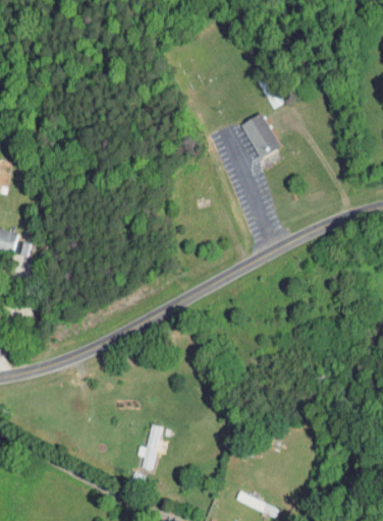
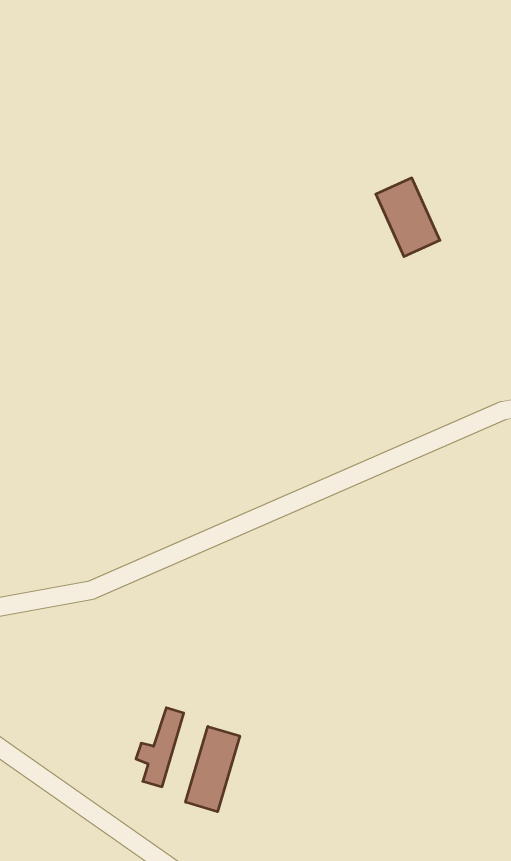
building: none -> [186,726,240,812]

